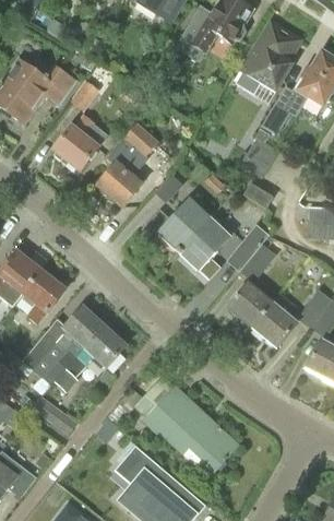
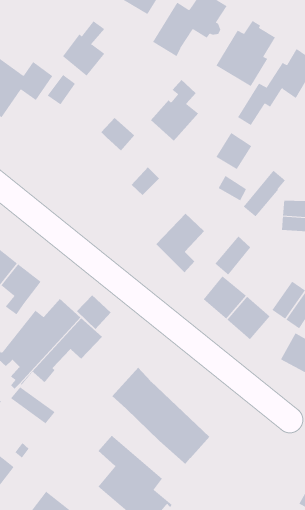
building: [53,113,97,169] -> [62,21,105,77]
building: [98,142,147,205] -> [150,79,199,142]
building: [150,199,211,250] -> none
building: [227,222,271,270] -> [243,170,286,217]
building: none -> [76,295,111,330]

